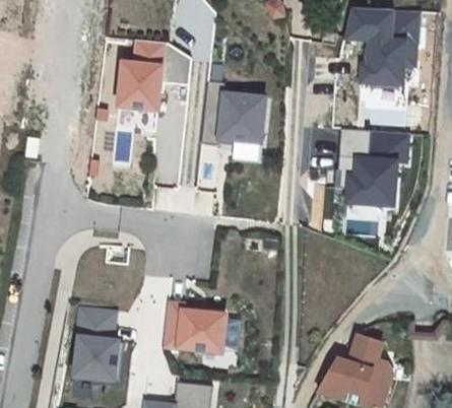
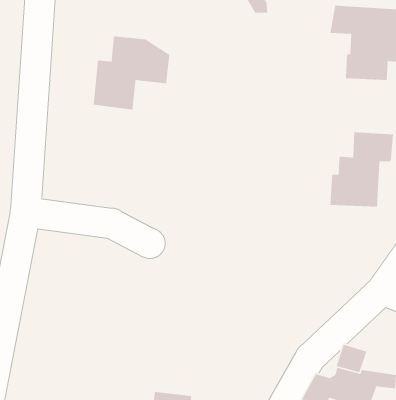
building: [200,81,266,145] -> none
building: [163,302,225,352] -> none
building: [74,305,120,378] -> none

